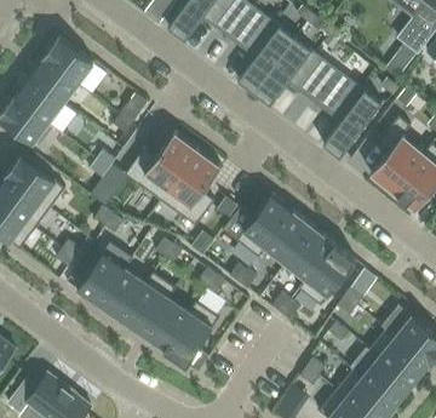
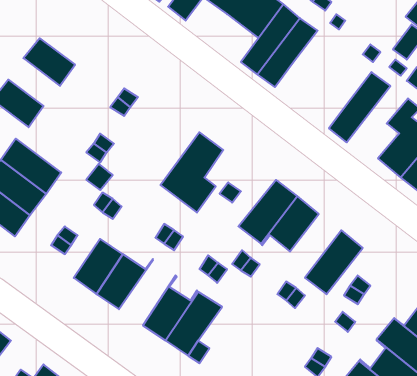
building: [44,38,93,84] -> none
building: [287,51,363,122] -> none
building: [13,78,63,124] -> none
building: [125,132,197,200] -> none
building: [285,228,334,290] -> none
building: [120,273,174,336] -> none

